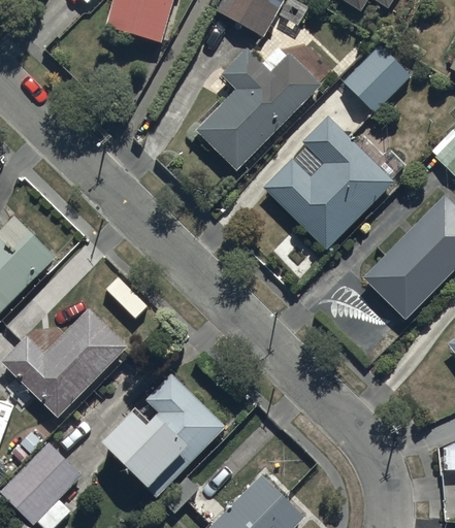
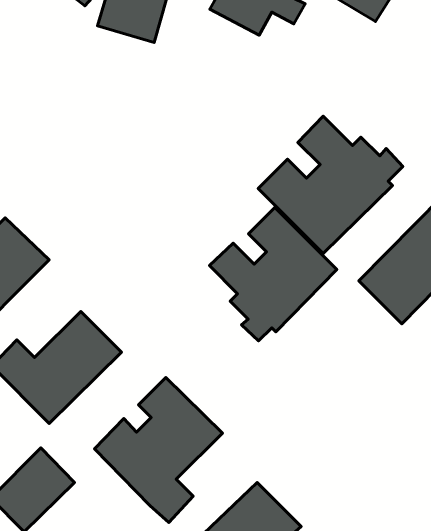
building: [342,44,410,111] -> none
building: [194,48,322,170] -> none
building: none -> [210,207,337,341]

